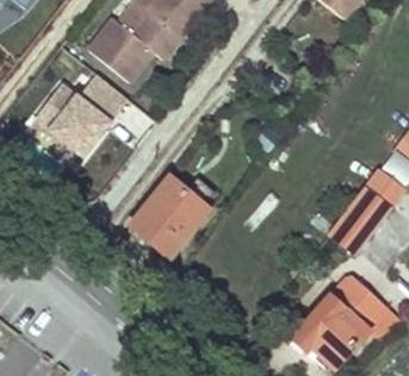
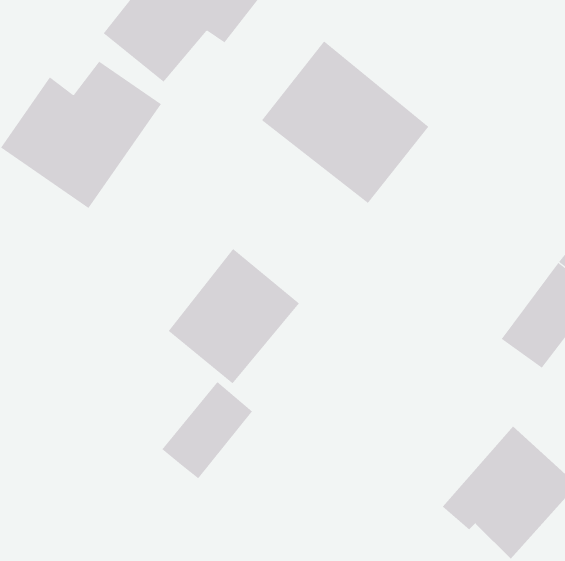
building: none -> [261,40,429,204]
building: none -> [161,381,253,479]

